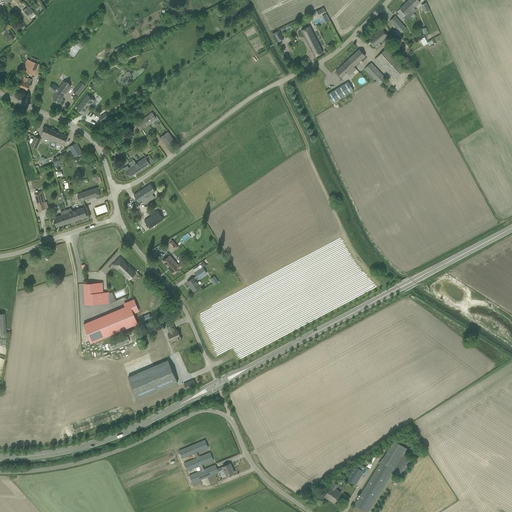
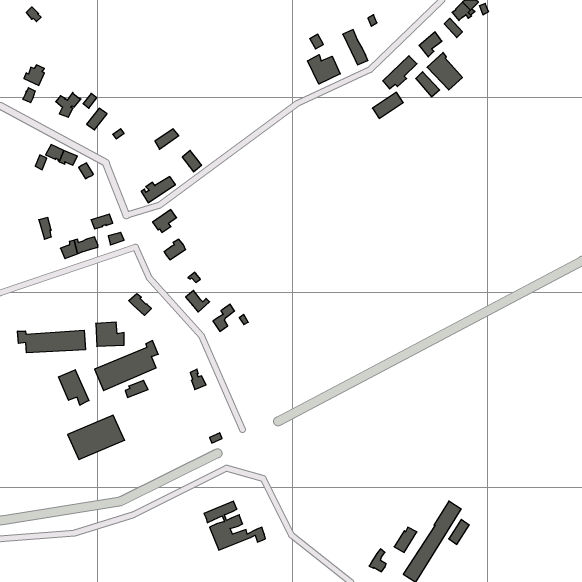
building: none -> [308,55,340,84]
building: none -> [18,330,85,353]
building: none -> [59,370,89,405]
building: [126,360,176,399] -> [68,415,125,460]

